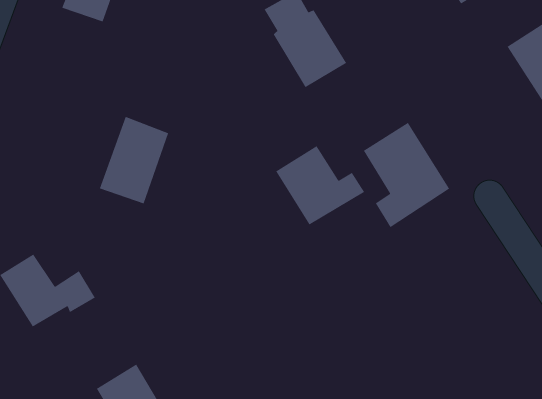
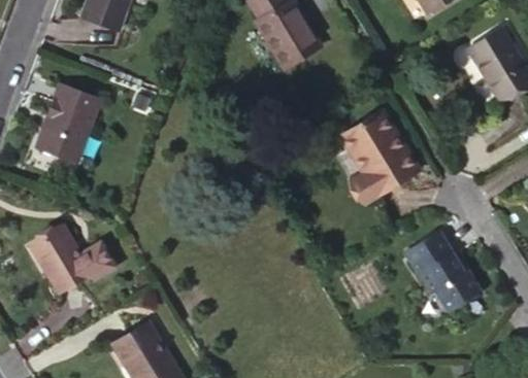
building: [99,116,169,204] -> [38,83,99,160]
building: [275,145,365,225] -> none
building: none -> [405,231,481,311]

